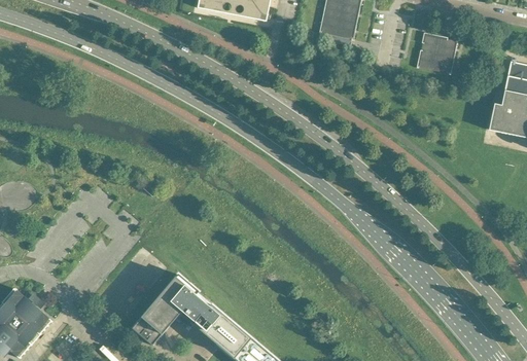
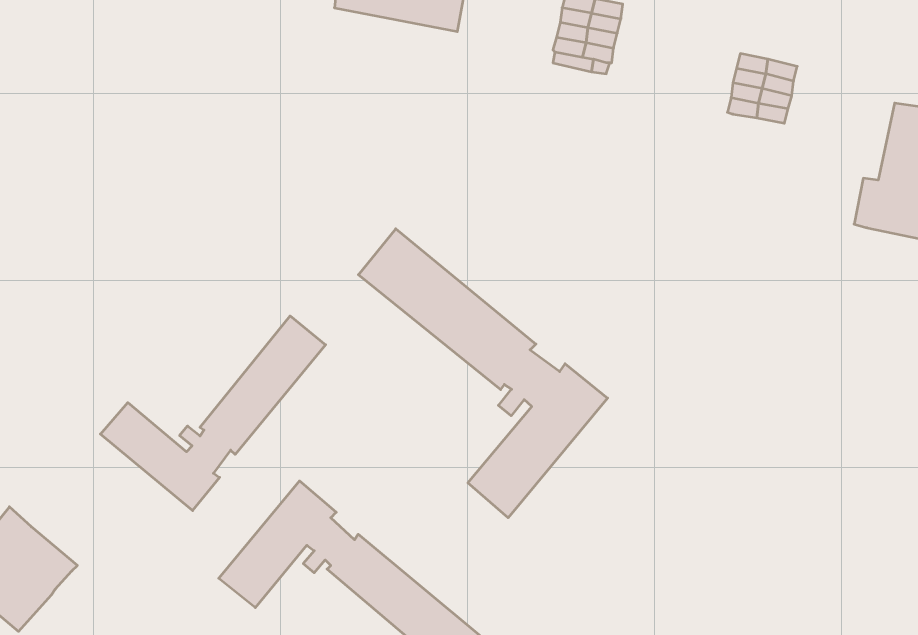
building: none -> [358,229,608,518]
building: none -> [100,316,326,511]

